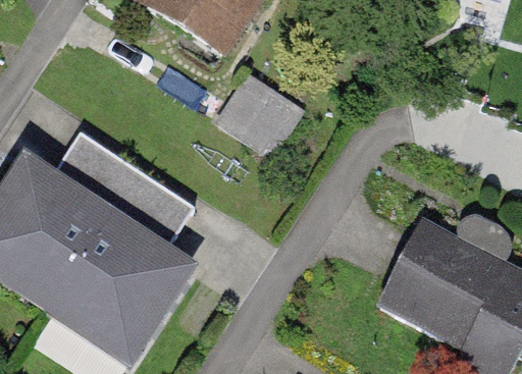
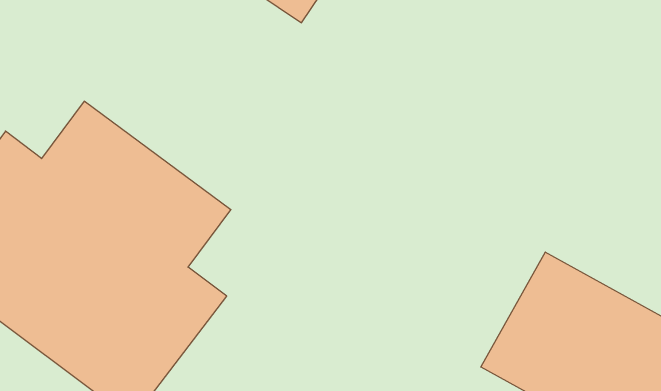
building: [215,69,307,154] -> none

